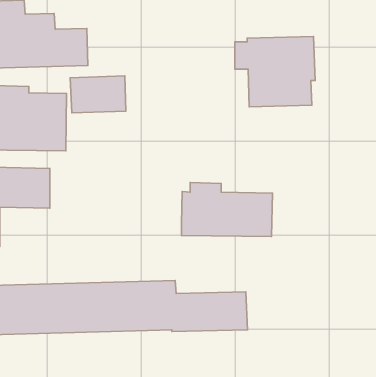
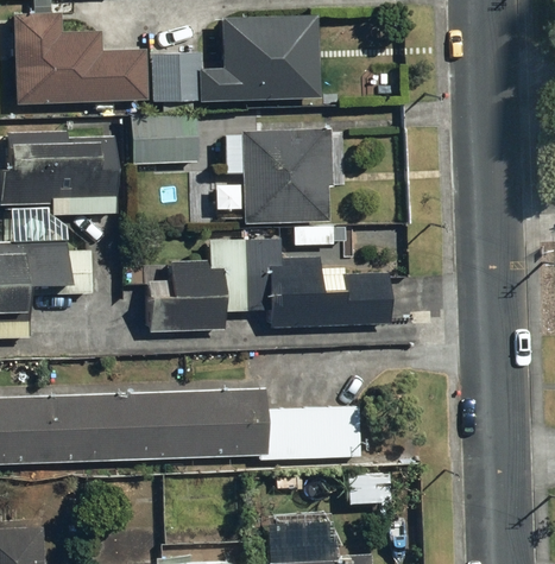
building: none -> [149,17,315,102]
building: [235,36,315,107] -> [223,128,332,223]
building: none -> [144,235,279,331]

